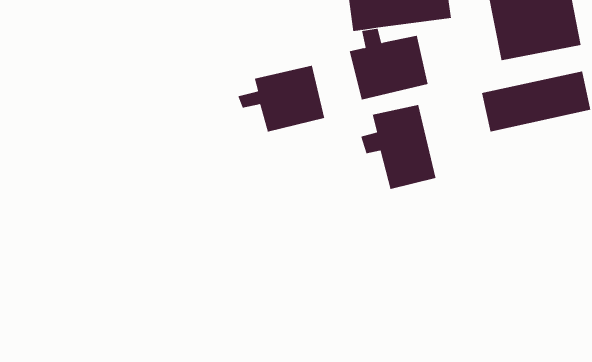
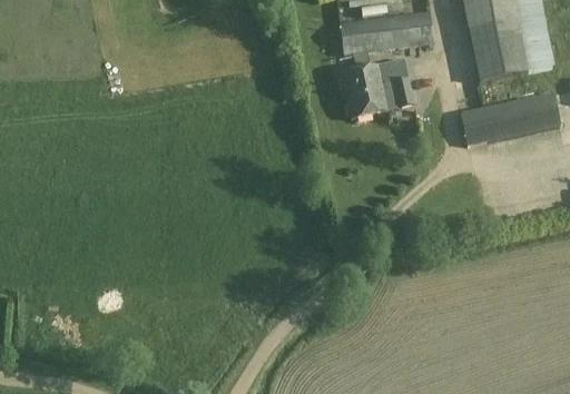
building: [237,65,325,132] -> none
building: [360,104,436,190] -> none

